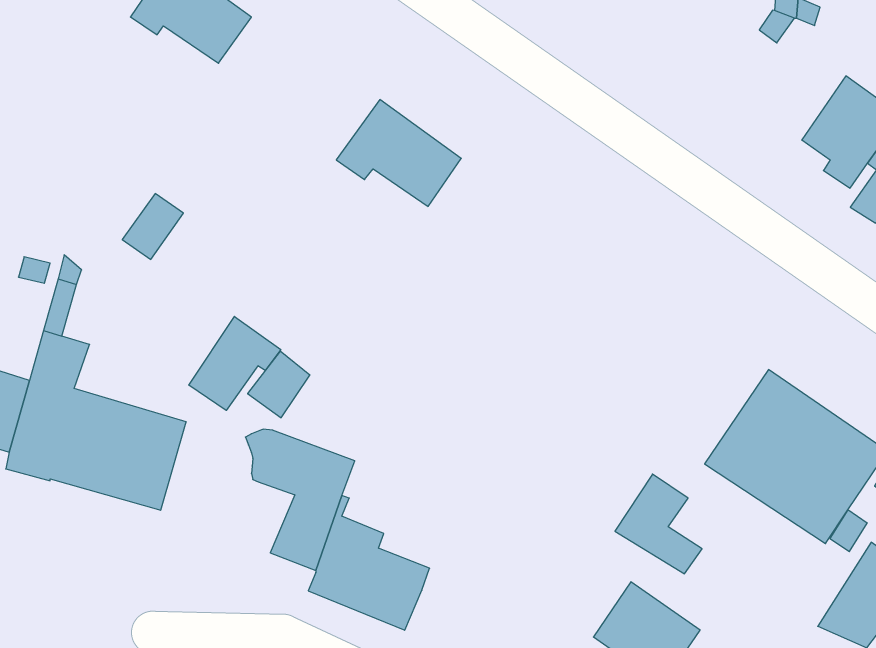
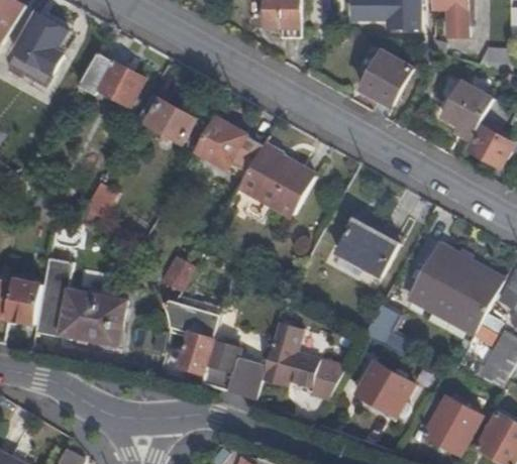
building: none -> [361,52,411,106]
building: none -> [136,93,195,141]
building: none -> [239,141,313,214]
building: none -> [335,219,397,275]
building: [189,316,281,410] -> none
building: none -> [263,322,344,396]

